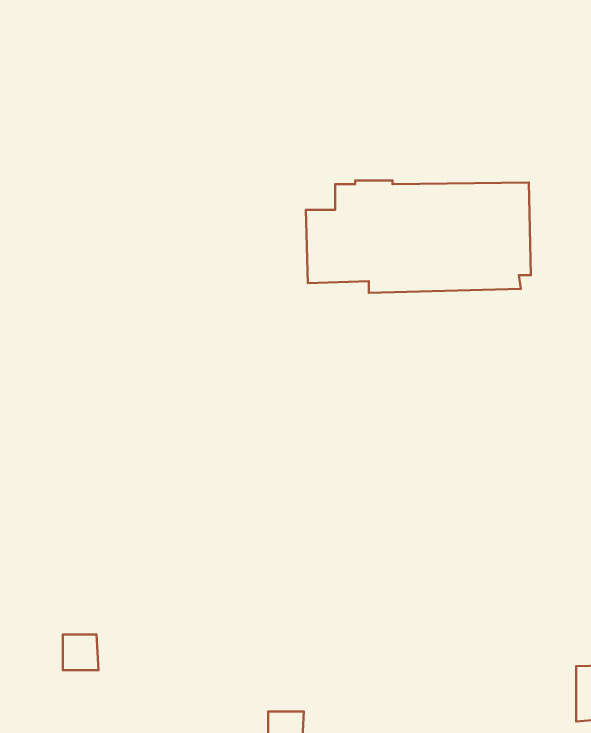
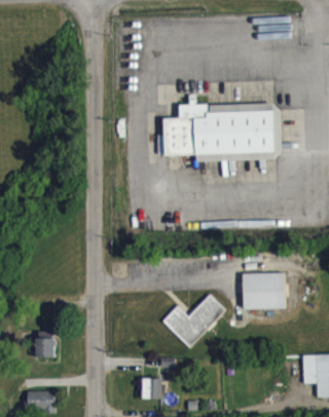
building: none -> [243,272,286,309]
building: none -> [161,294,225,348]

